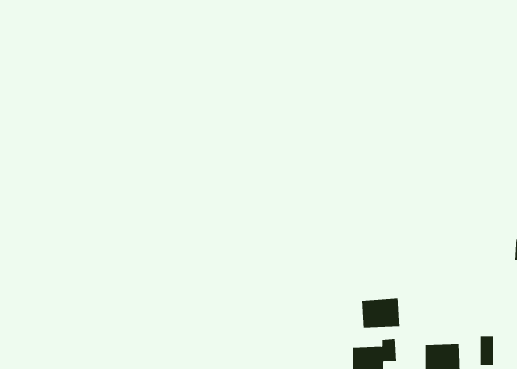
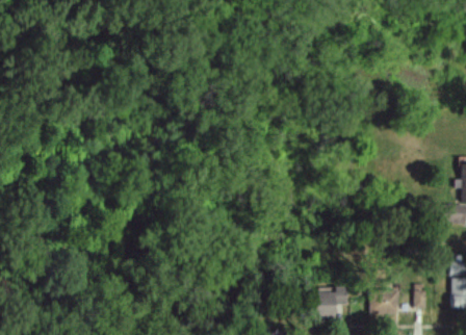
building: [362,298,400,329] -> none

